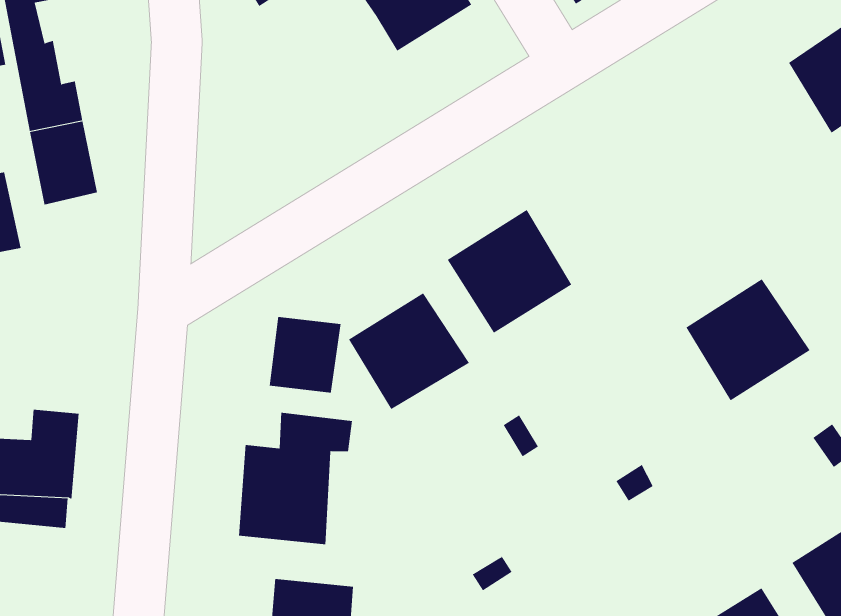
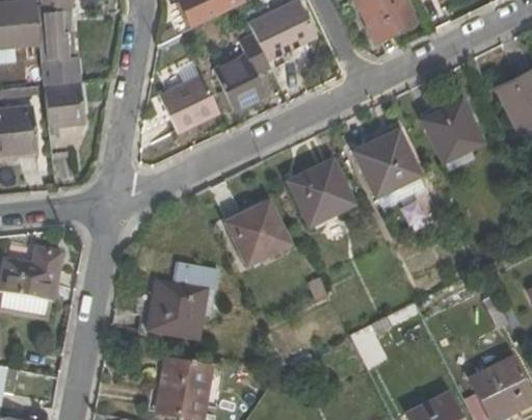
building: none -> [218,35,271,108]
building: none -> [418,96,484,162]
building: none -> [160,72,220,129]
building: [685,279,811,401] -> [351,126,423,195]
building: [269,316,341,394] -> none

